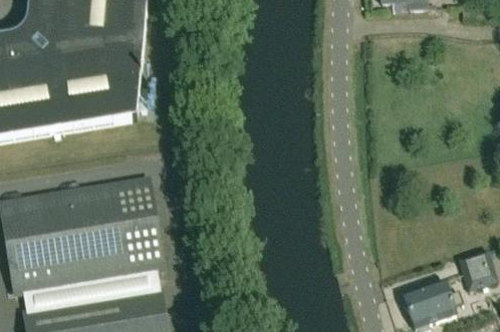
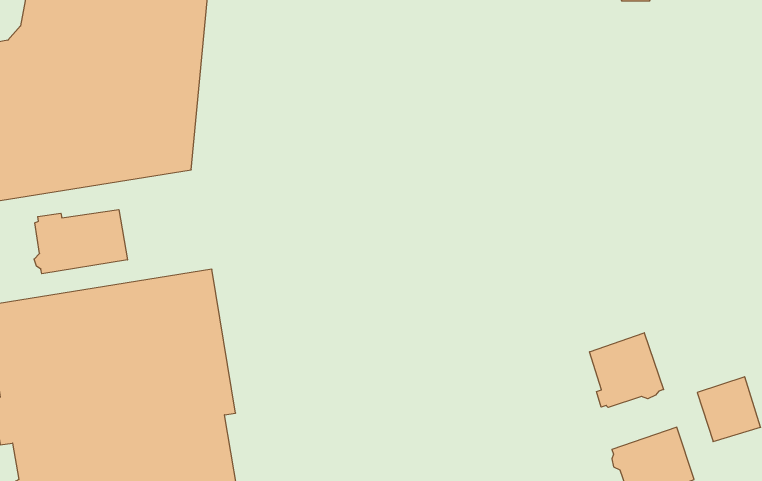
building: none -> [34,210,127,274]
building: none -> [590,333,664,407]

